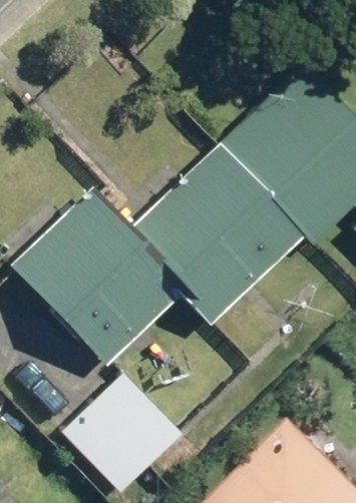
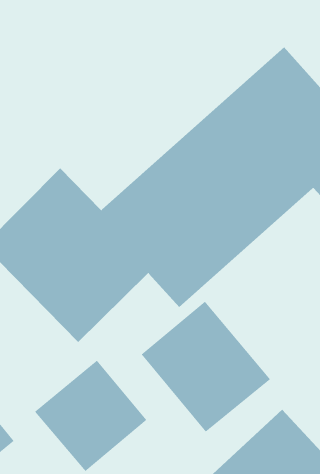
building: none -> [141,301,271,433]

